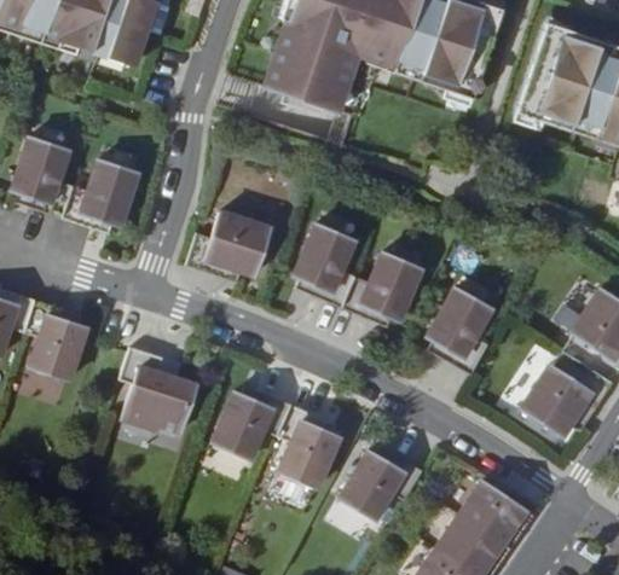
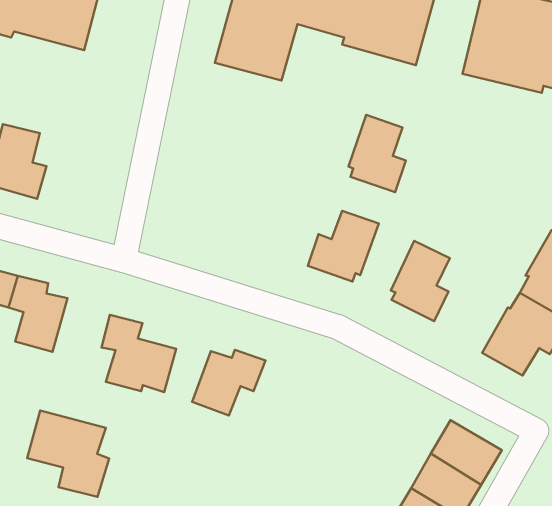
building: [63,158,138,232] -> none
building: [187,209,272,280] -> none
building: [296,222,357,306] -> [349,115,406,192]
building: [278,402,341,487] -> none
building: none -> [27,410,109,497]
building: [340,447,424,518] -> none

